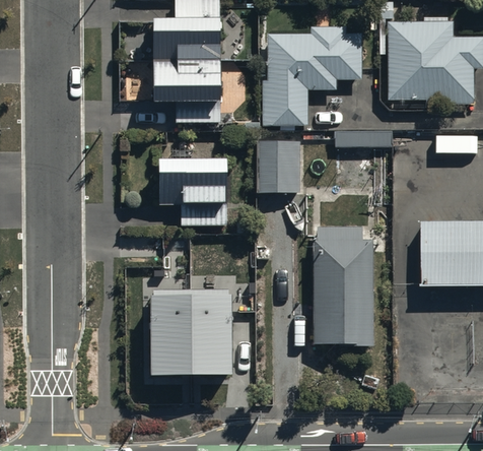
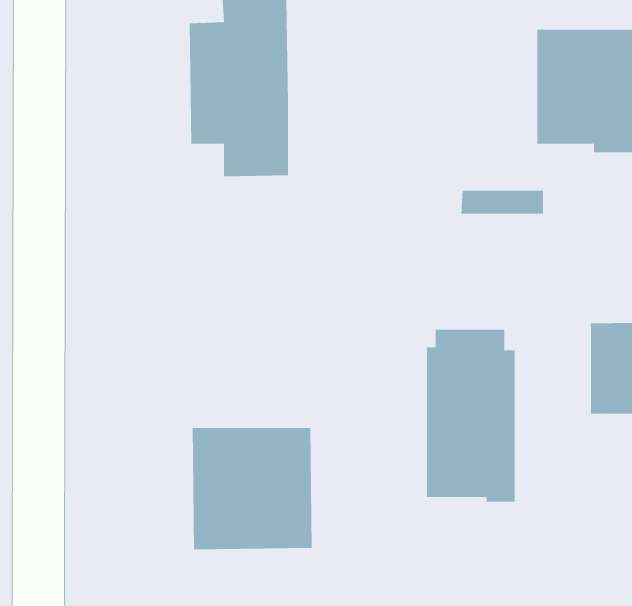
building: [263,27,362,125] -> none
building: [256,140,300,193] -> none
building: [157,156,225,226] -> none

